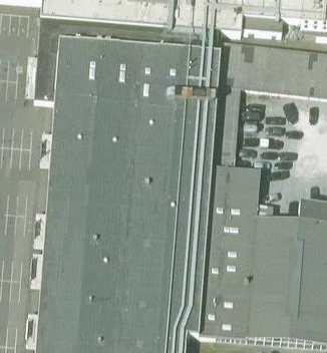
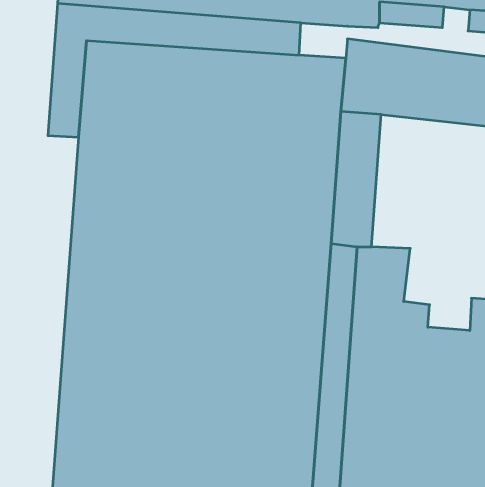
building: [193,33,223,55] -> none

